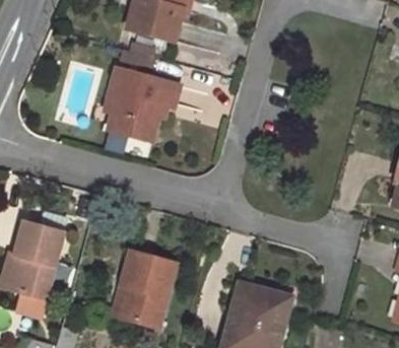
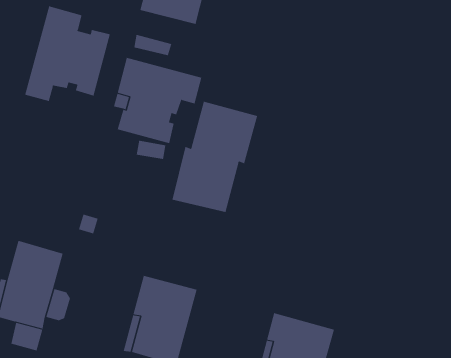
building: none -> [25,6,111,102]
building: none -> [172,101,258,213]

